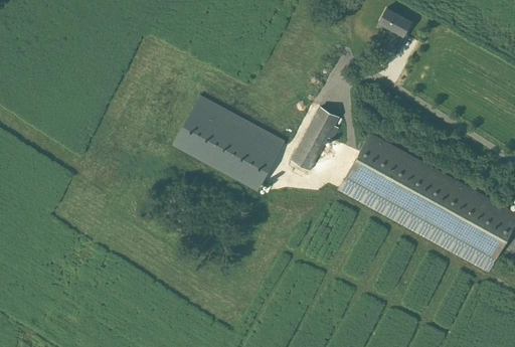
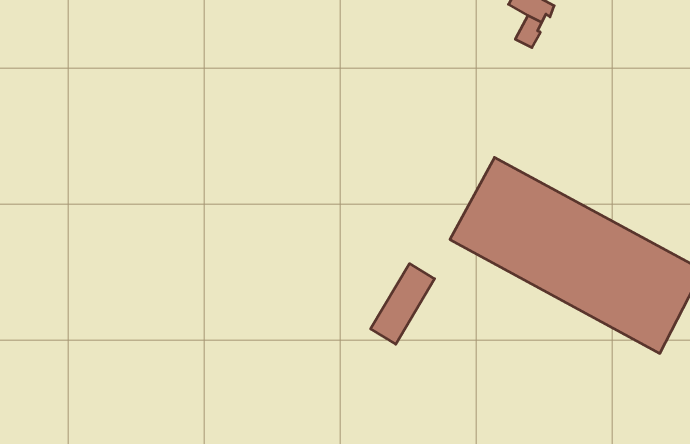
building: [176,96,282,187] -> none
building: [294,105,340,163] -> [371,264,435,344]

